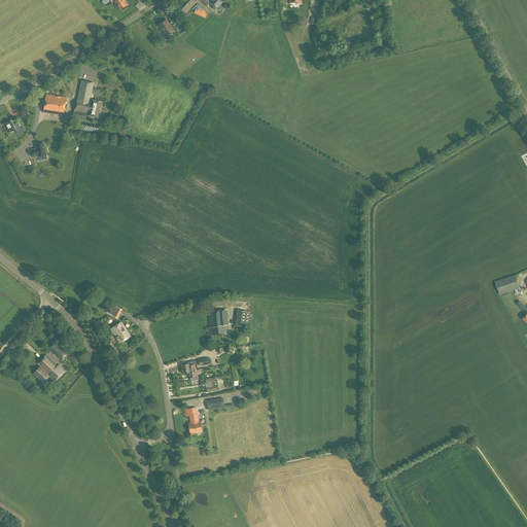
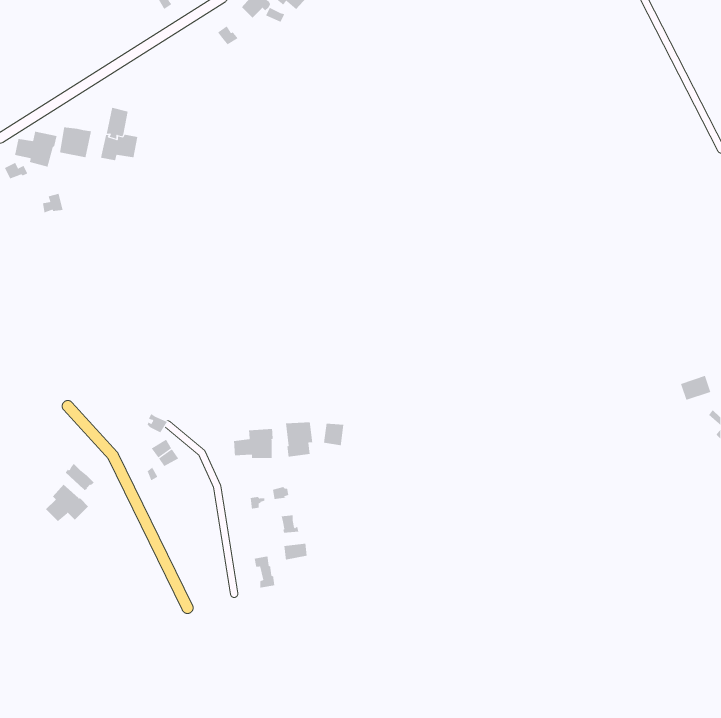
building: none -> [14,131,57,168]
building: none -> [234,428,273,459]

